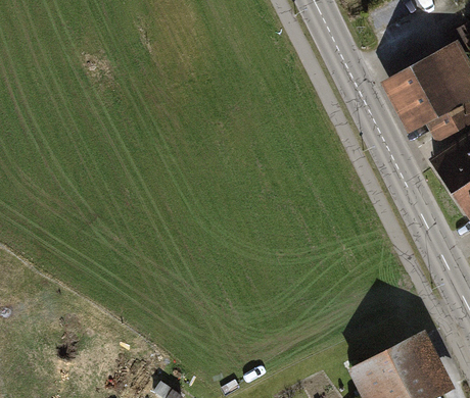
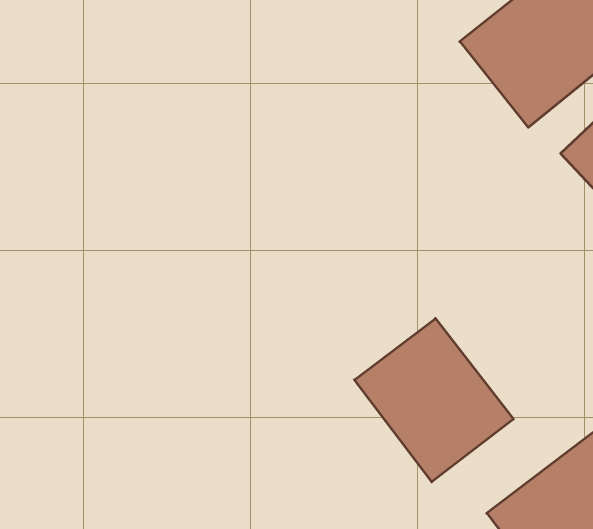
building: none -> [354,318,513,482]

